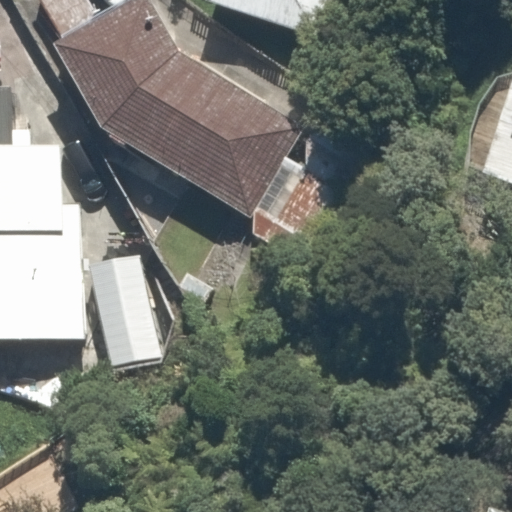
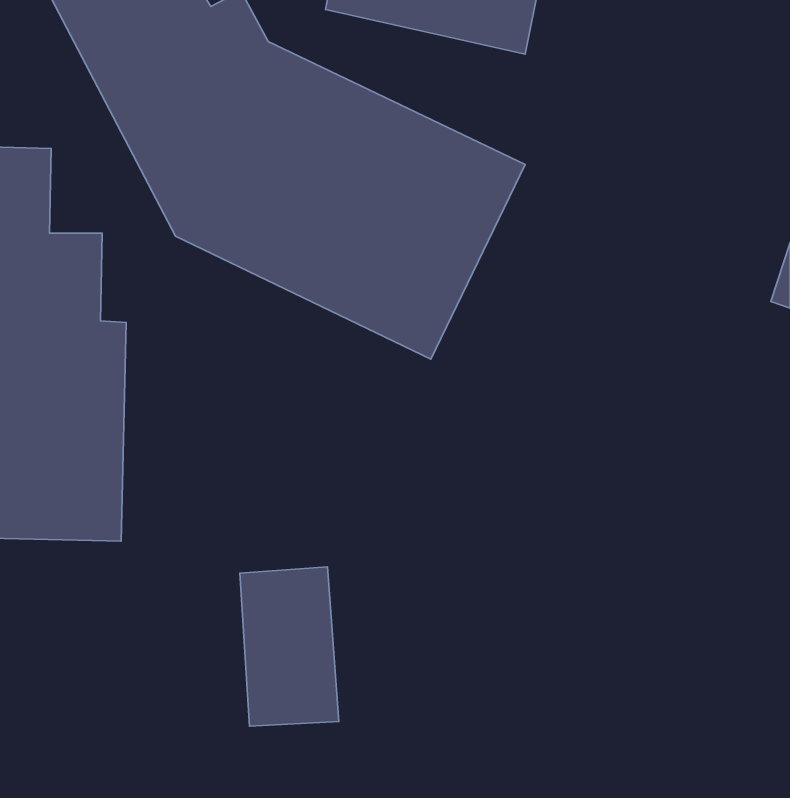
building: [91,255,153,355] -> [240,567,339,726]

